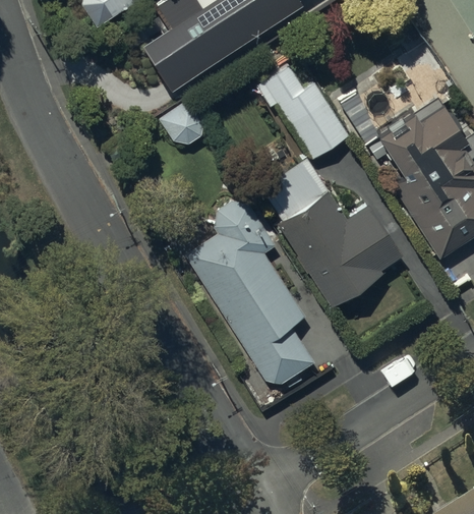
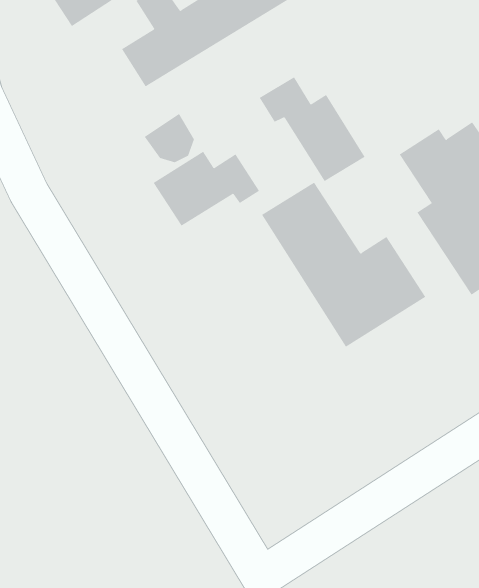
building: none -> [153,151,260,227]
building: [189,204,310,383] -> none

